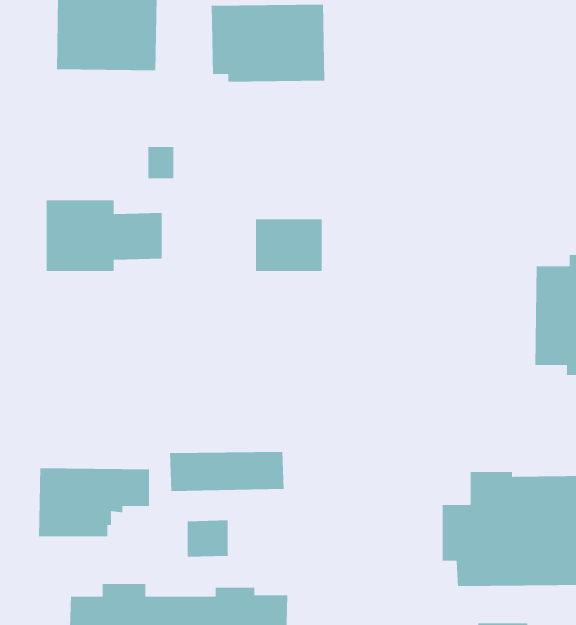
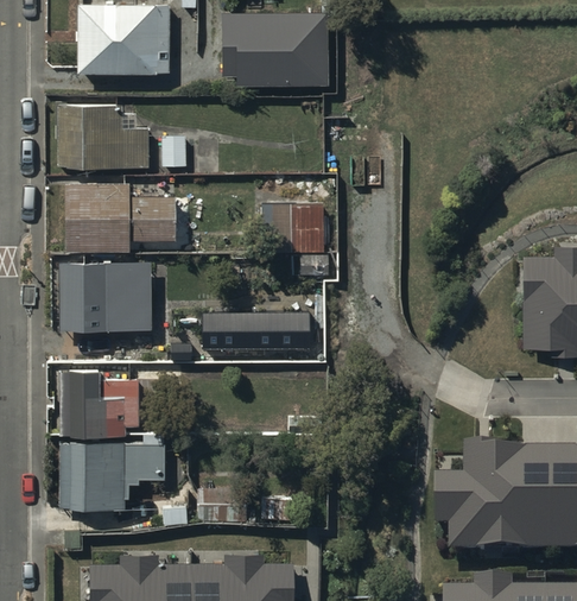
building: none -> [58,108,150,175]
building: none -> [59,266,153,339]
building: none -> [61,368,141,438]
building: [169,451,285,492] -> [202,309,310,347]

